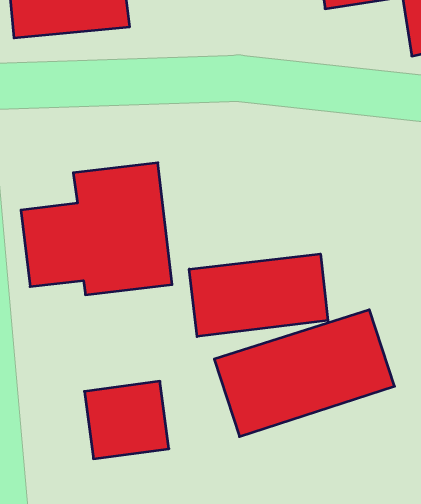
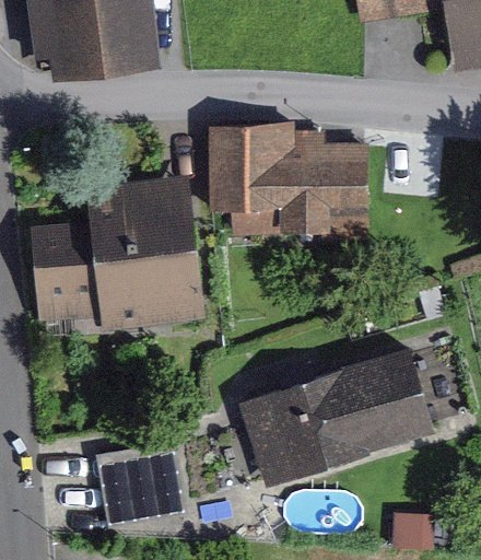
building: none -> [212,138,363,240]
building: [189,254,328,337] -> none

